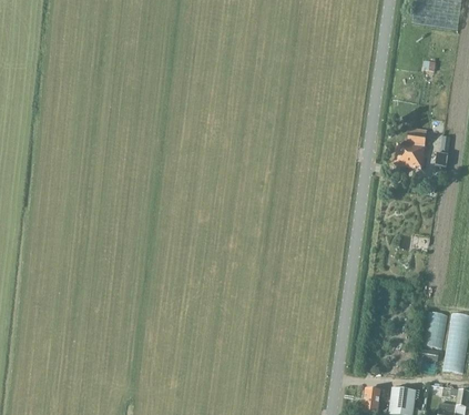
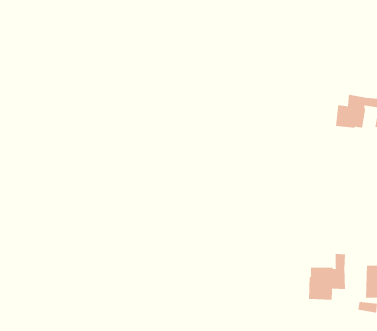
building: none -> [309,253,346,300]

